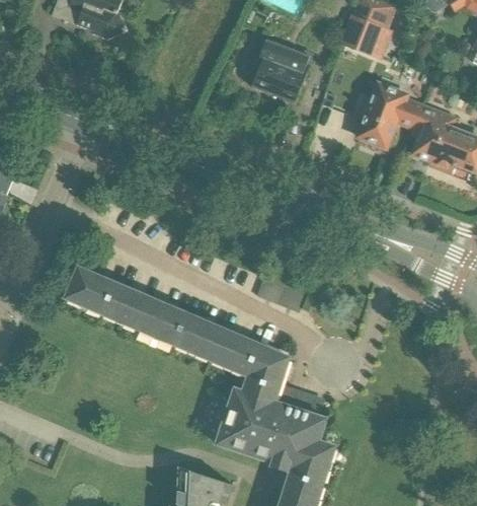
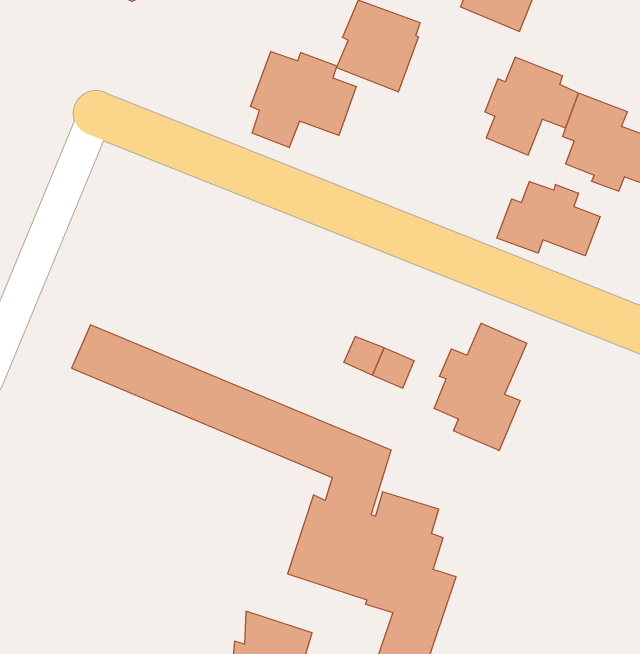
building: none -> [250,51,356,148]
building: none -> [497,181,600,256]
building: none -> [434,323,527,451]

